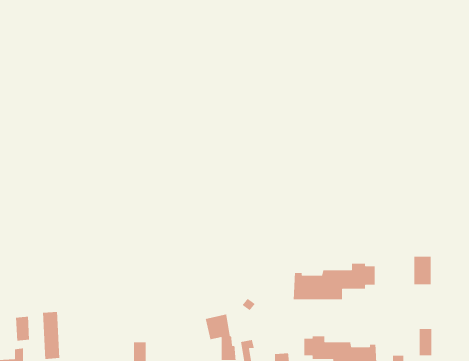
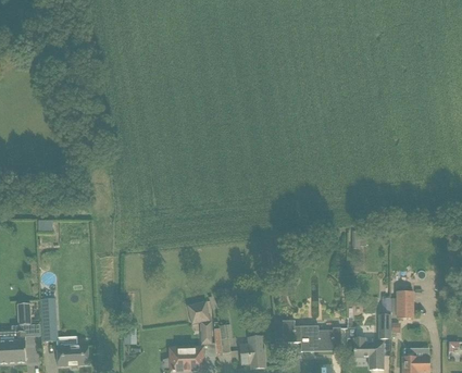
building: [413,256,432,285] -> [397,291,413,318]
building: [293,263,375,301] -> none

